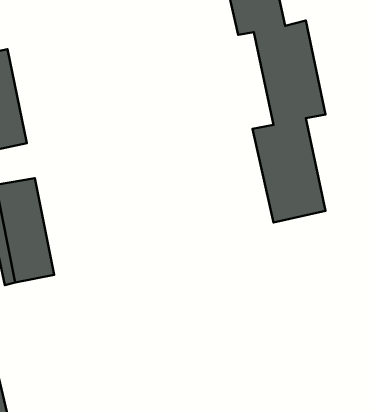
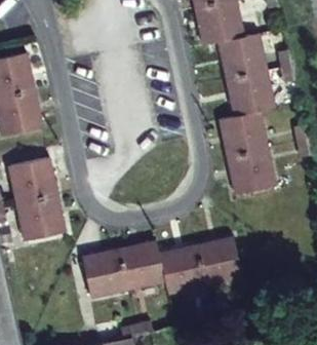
building: none -> [81,241,242,297]

